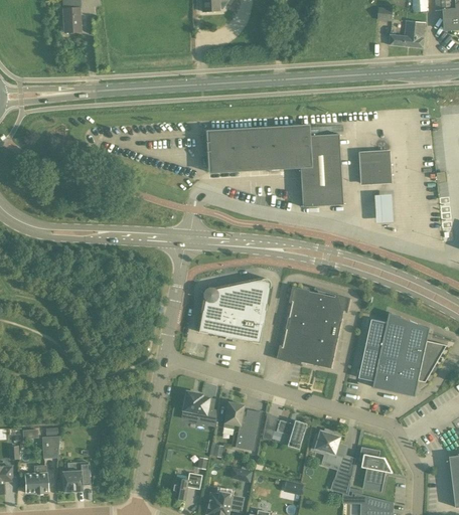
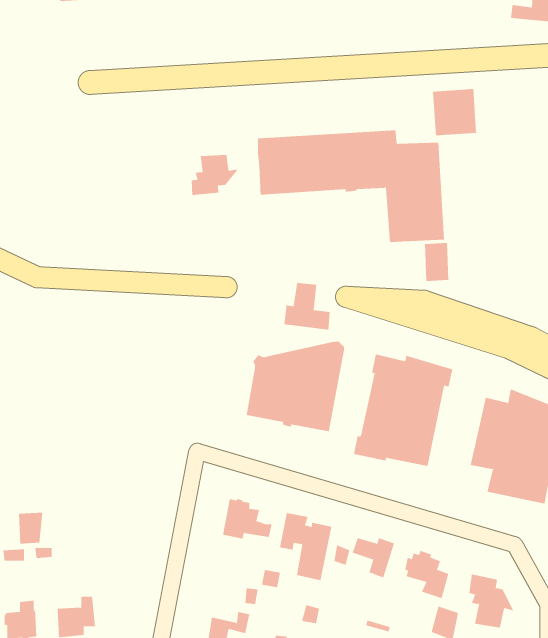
building: none -> [191,154,239,196]
building: [358,150,391,184] -> [432,89,477,136]
building: [373,193,392,221] -> [424,243,449,282]
building: none -> [284,282,330,331]
building: [41,436,59,459] -> [18,512,43,544]

